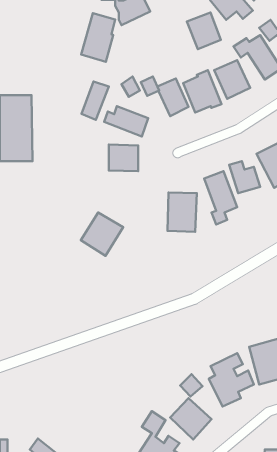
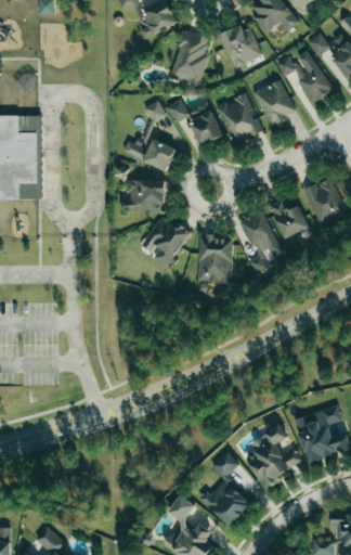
building: [81,13,115,62] -> [169,29,209,87]
building: [82,81,109,120] -> none
building: [81,213,123,256] -> [140,216,190,267]

